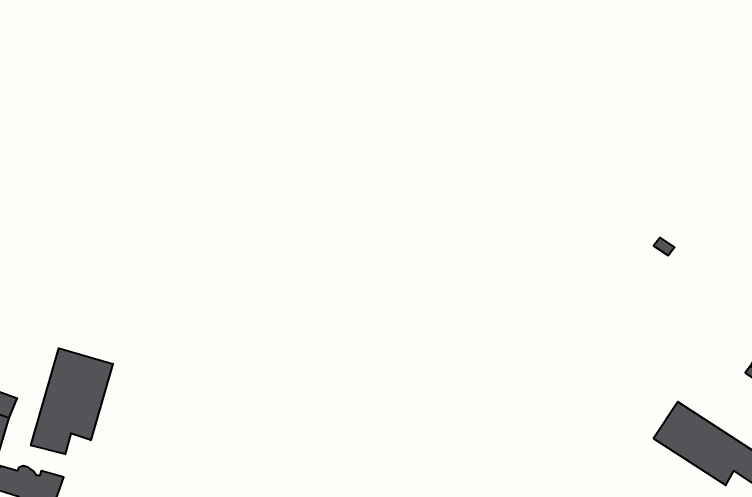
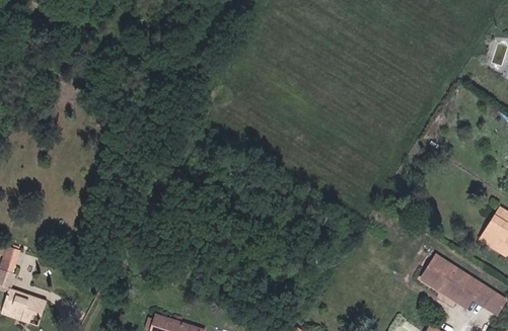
building: [31,348,113,454] -> none

